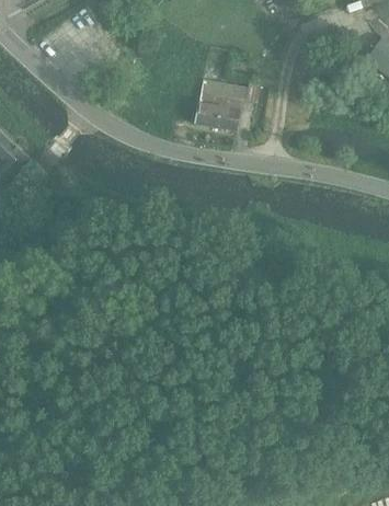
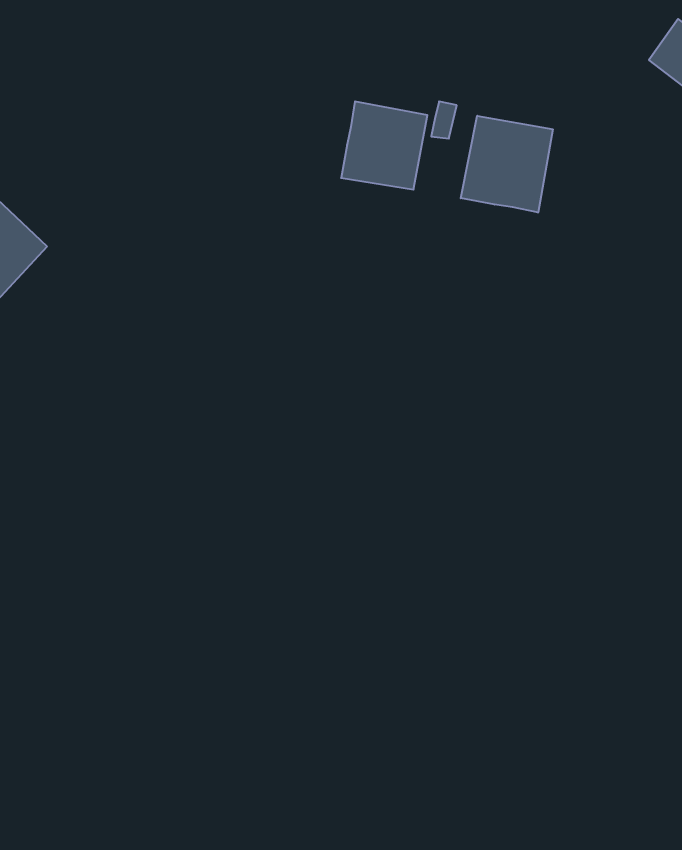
building: none -> [461,116,553,213]

